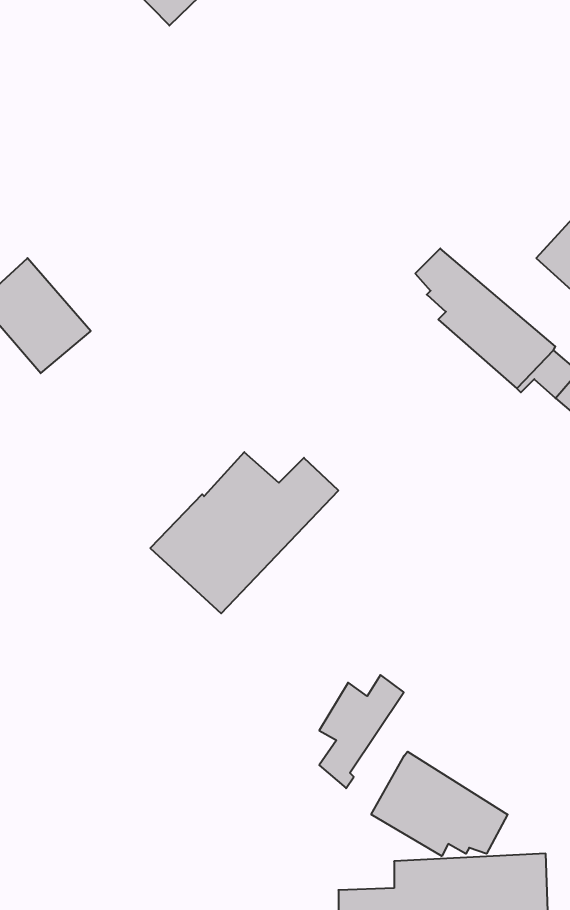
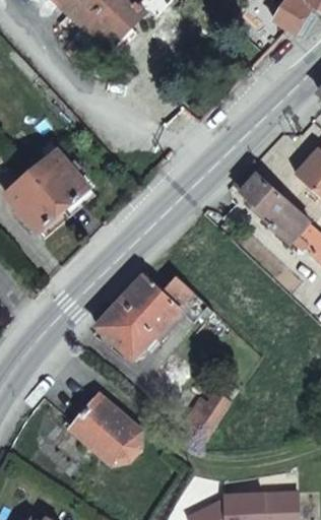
building: none -> [28,151,86,211]
building: none -> [70,397,139,463]
building: [371,752,508,856] -> none

